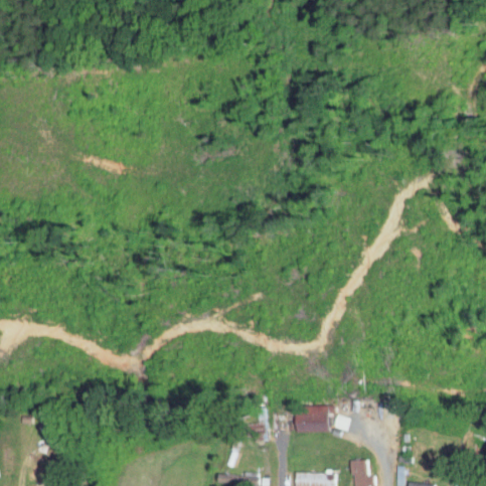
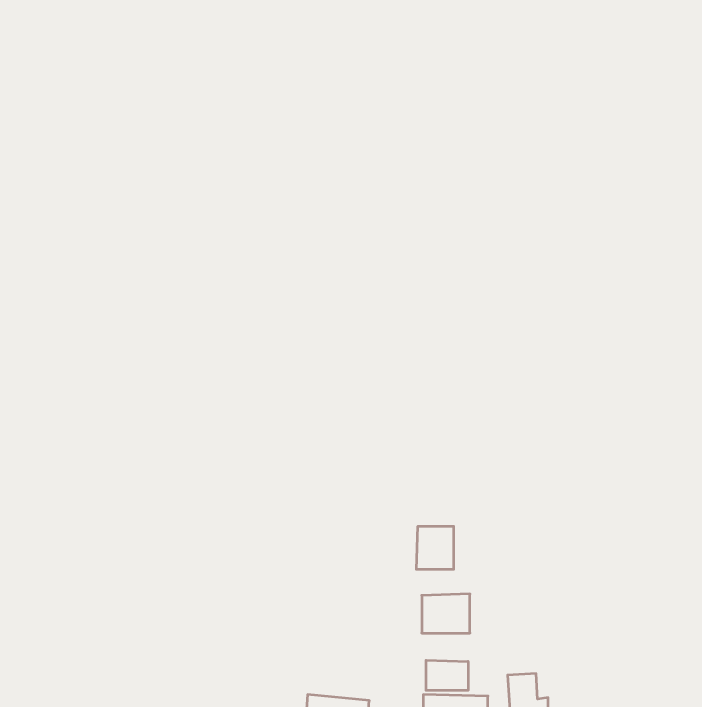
building: none -> [416,526,454,569]
building: none -> [426,660,468,690]

